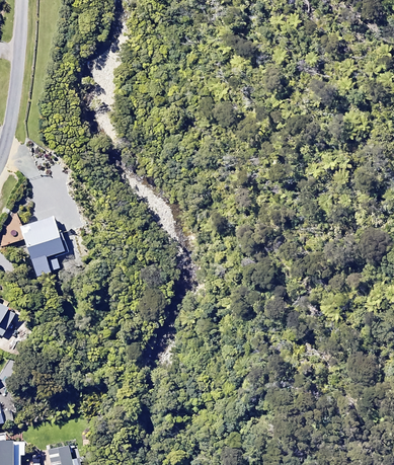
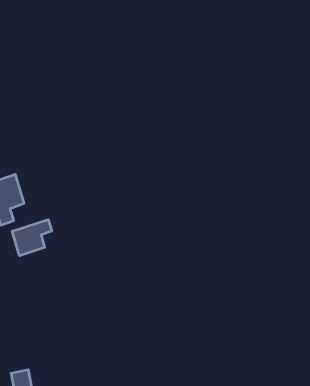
building: none -> [12,220,52,256]

